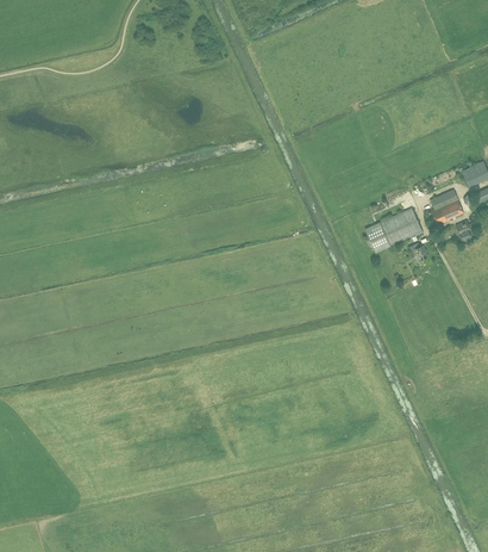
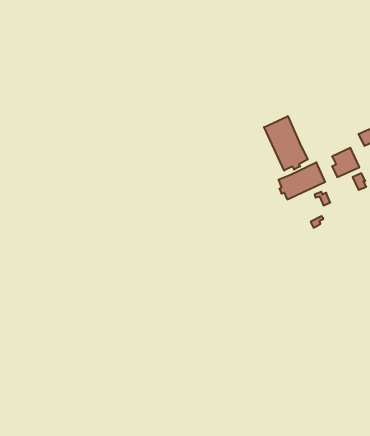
building: none -> [264,116,308,171]

